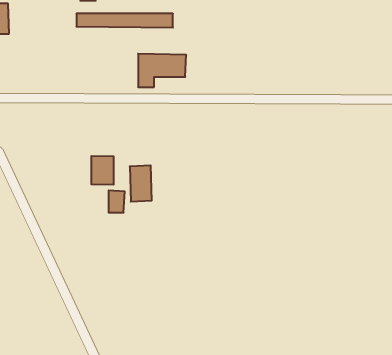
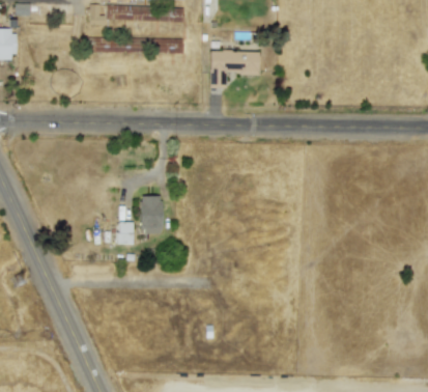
building: [138,54,186,87] -> [210,50,260,84]
building: [91,156,114,185] -> none

